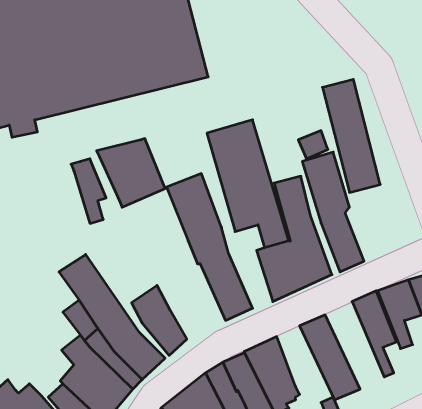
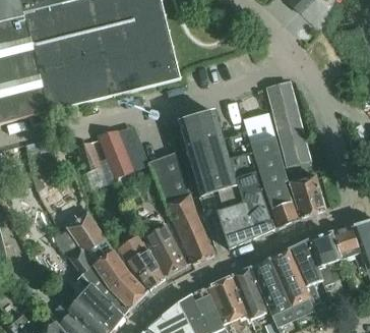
building: none -> [290,174,324,217]
building: none -> [138,217,187,274]
building: none -> [268,249,313,315]
building: none -> [233,268,265,317]

